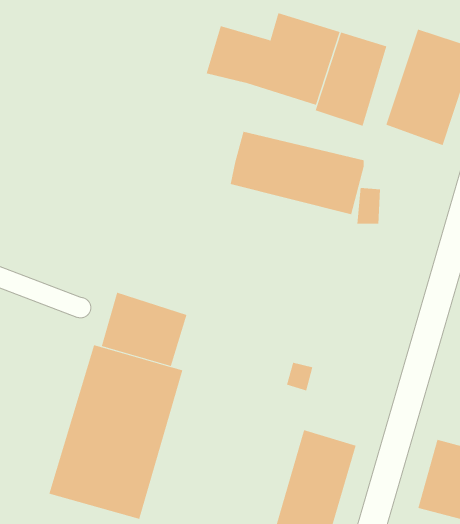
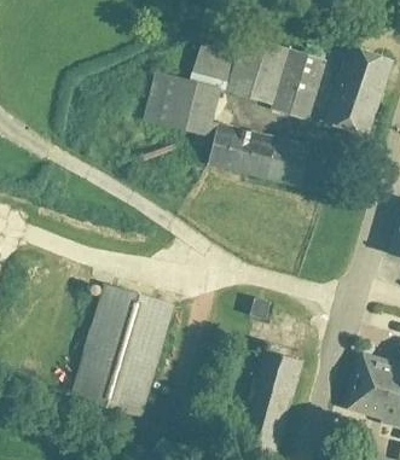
building: none -> [144,71,219,146]
building: [101,292,187,367] -> none

